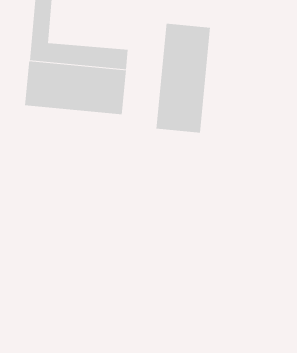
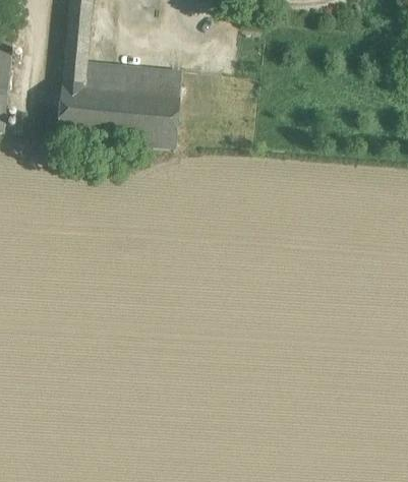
building: [156,23,211,133] -> none

